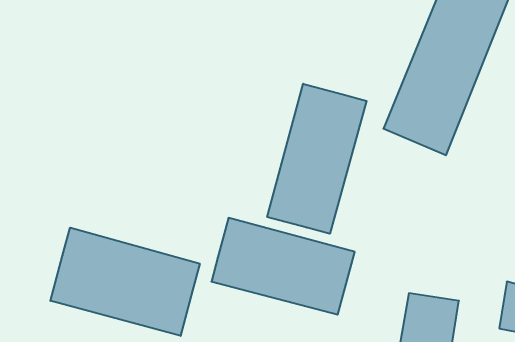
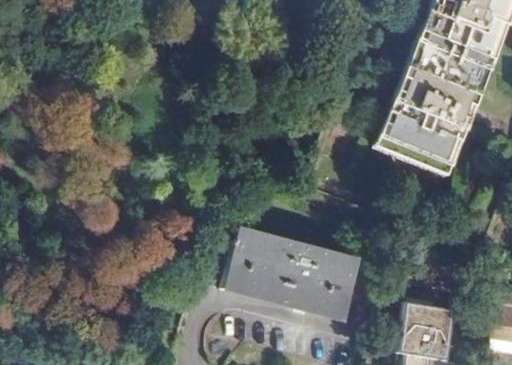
building: [267,84,367,234] -> none
building: [50,228,200,336] -> none

